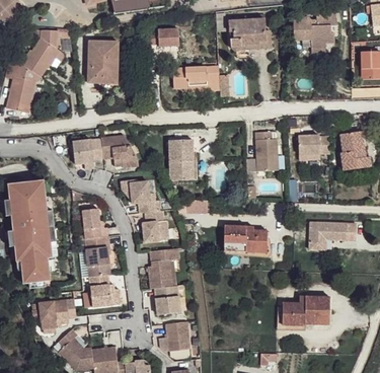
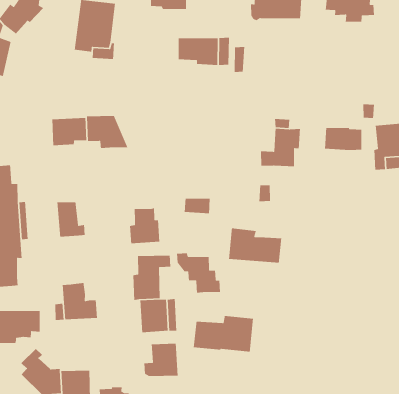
building: [168,140,193,178] -> none
building: [120,179,158,213] -> [176,252,221,294]
building: [308,221,355,249] -> none
building: [85,247,109,277] -> none
building: [281,295,329,324] -> [193,315,254,352]

